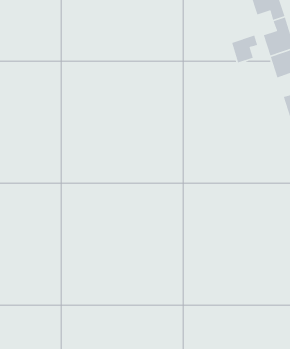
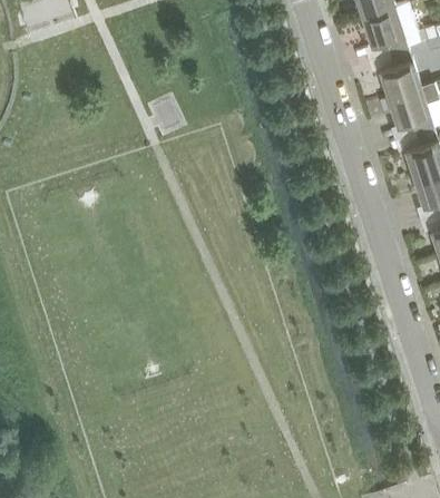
building: [231,34,258,64] -> none

